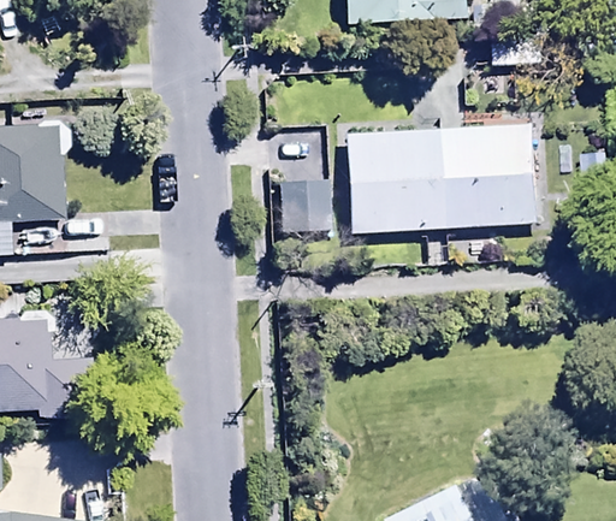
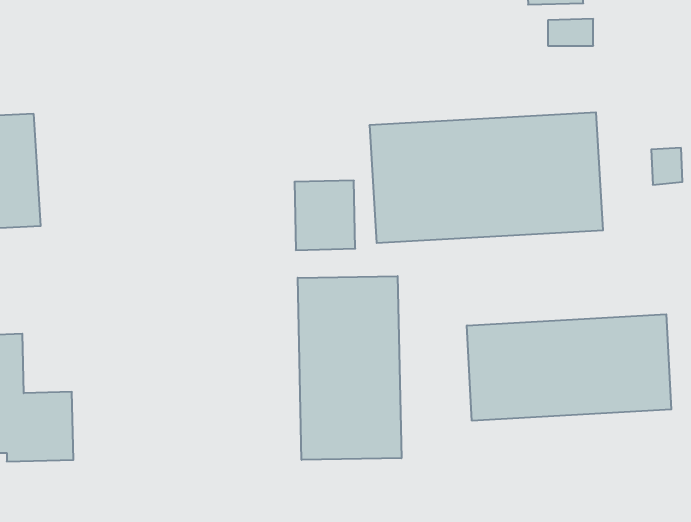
building: none -> [298,276,401,460]
building: none -> [467,314,671,421]

